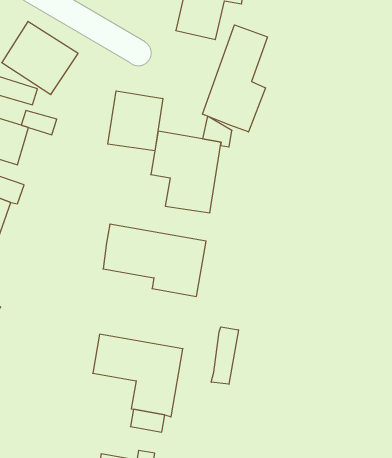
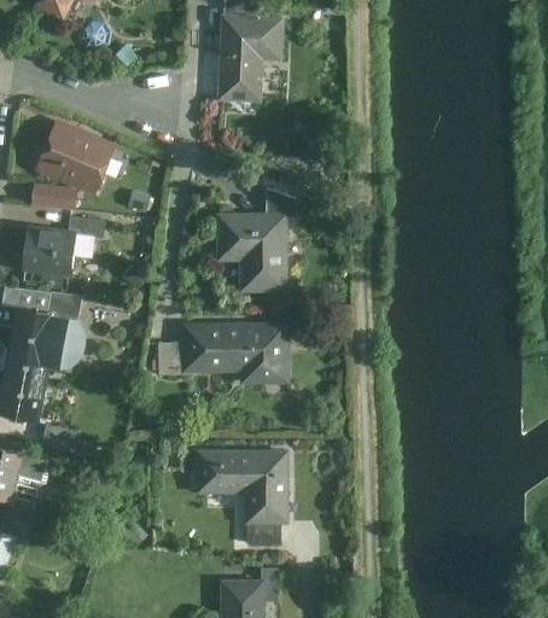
building: [202,25,268,132] -> none
building: [108,91,163,151] -> none
building: none -> [157,344,182,375]
building: [211,327,238,384] -> none

